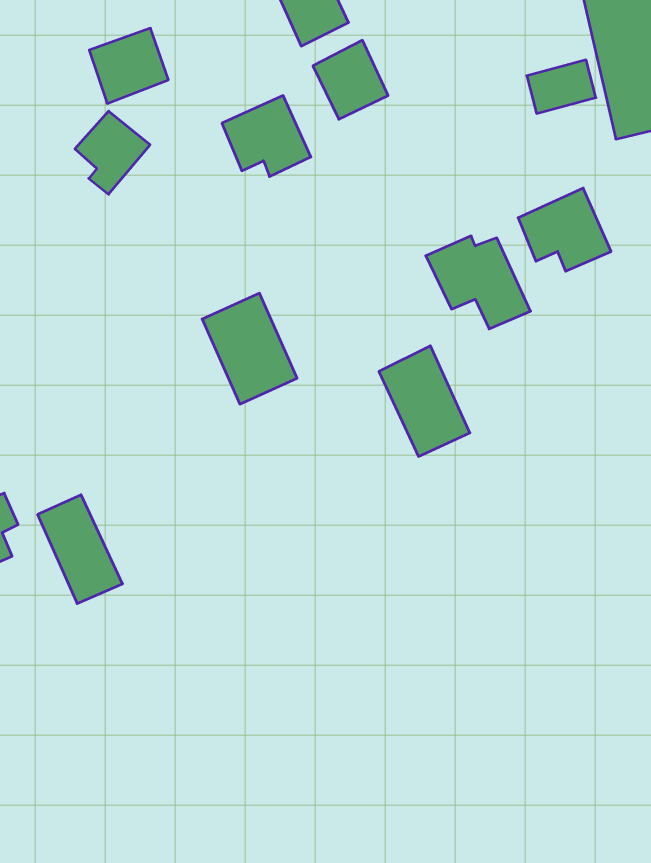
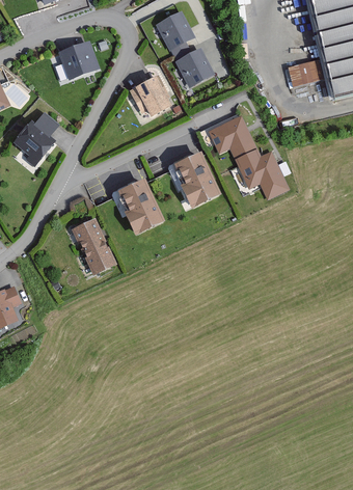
building: [75,111,150,194] -> [18,124,57,167]
building: [518,188,611,271] -> [209,116,257,160]
building: [379,346,470,456] -> [172,153,220,211]
building: [38,495,123,604] -> [72,218,116,275]

